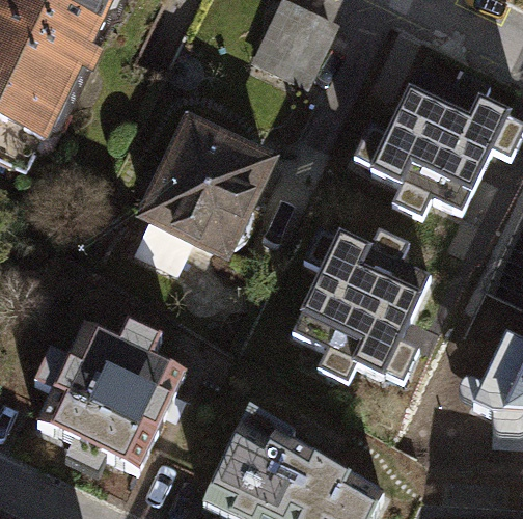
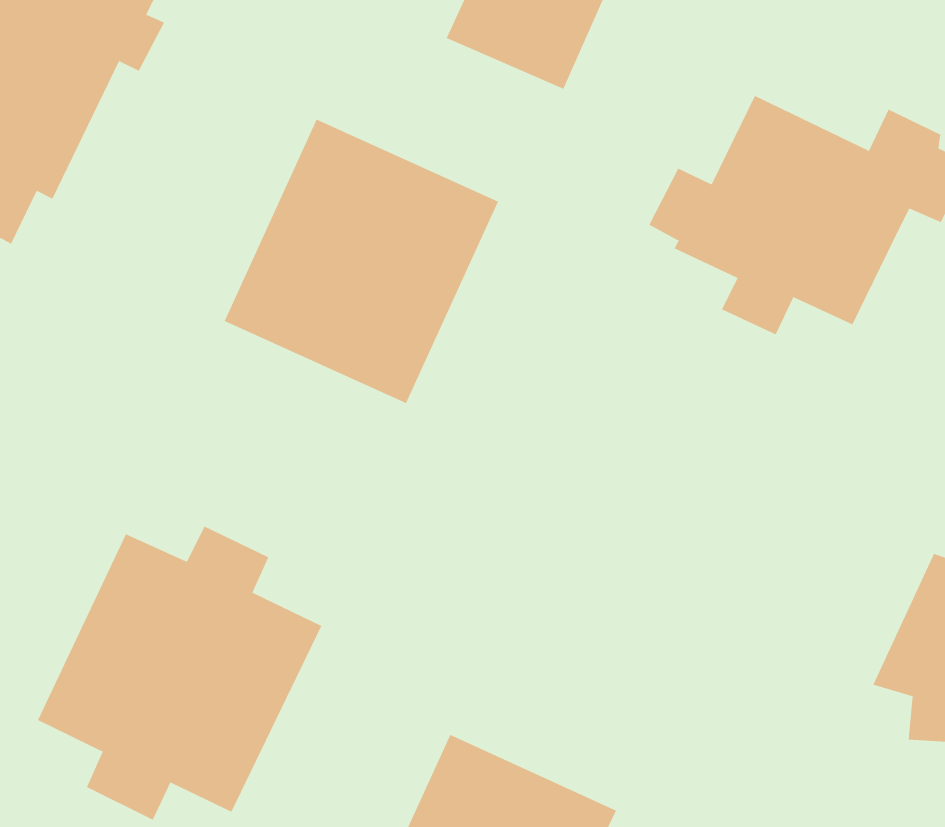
building: [294,233,431,384] -> none

